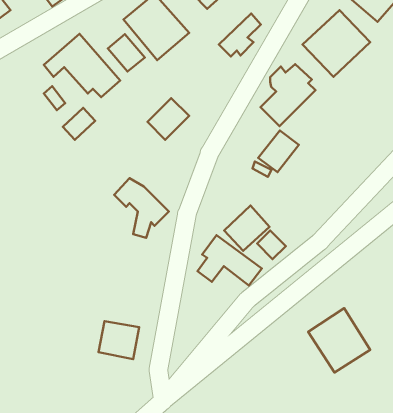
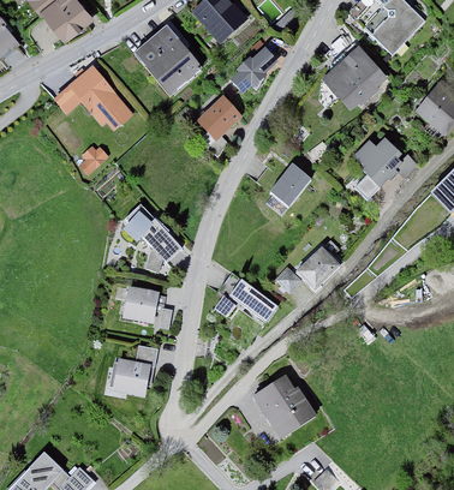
building: [108,34,145,72] -> none
building: [261,64,315,126] -> [347,138,402,201]
building: [147,98,189,140] -> [201,97,243,139]
building: [224,205,269,251] -> [293,245,339,291]
building: none -> [125,286,160,323]
building: [308,308,370,372] -> [250,371,312,436]

